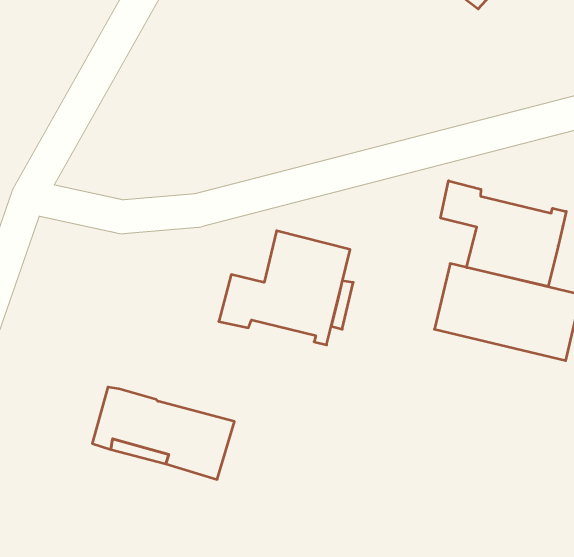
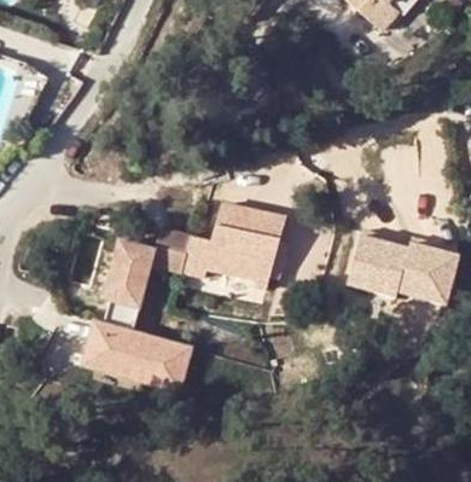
building: [441,181,566,287] -> none
building: none -> [105,228,192,333]

